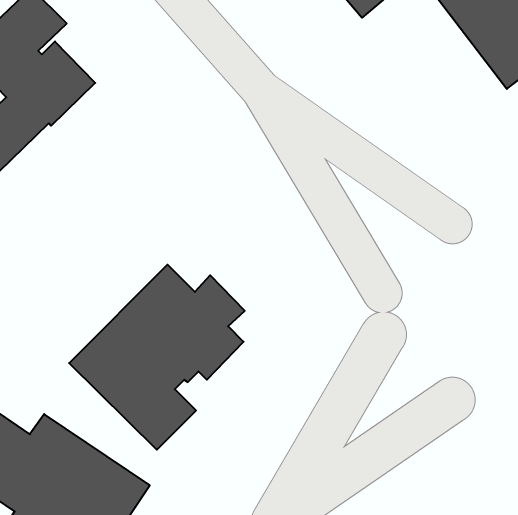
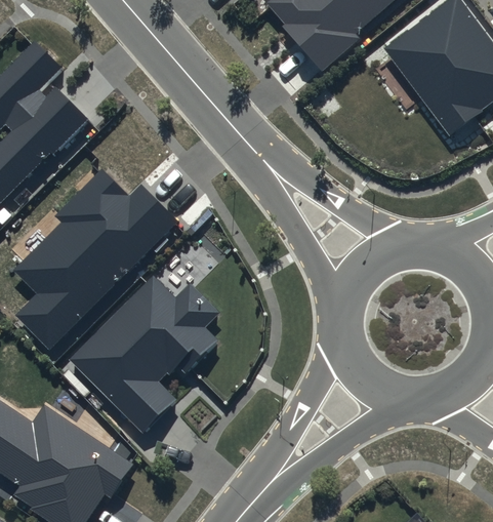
building: none -> [11,171,177,352]

